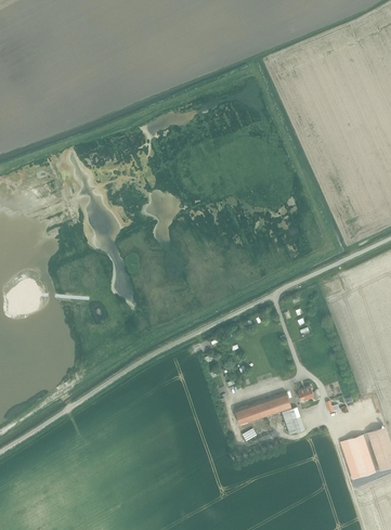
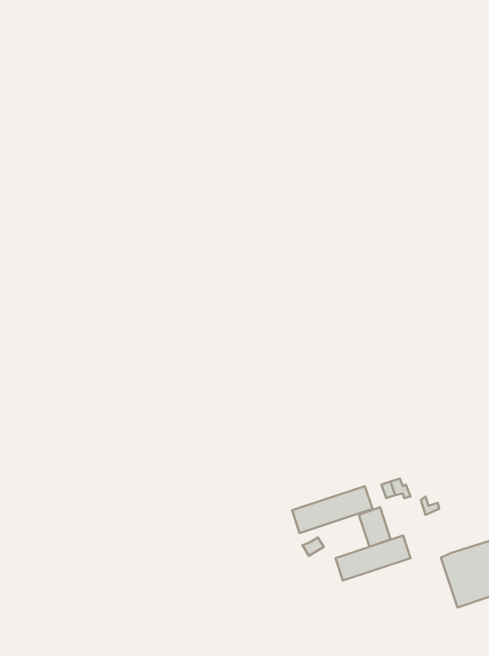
building: none -> [335,535,411,581]

